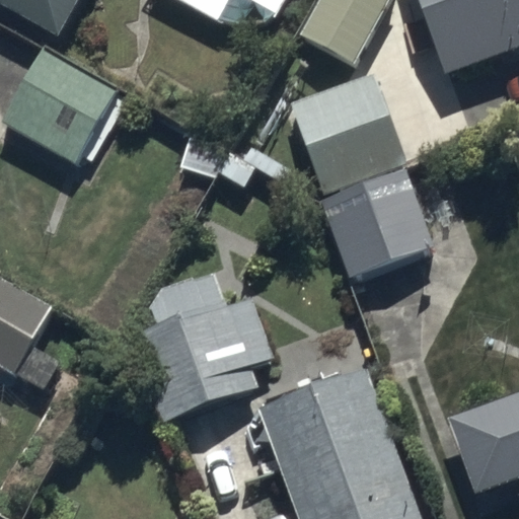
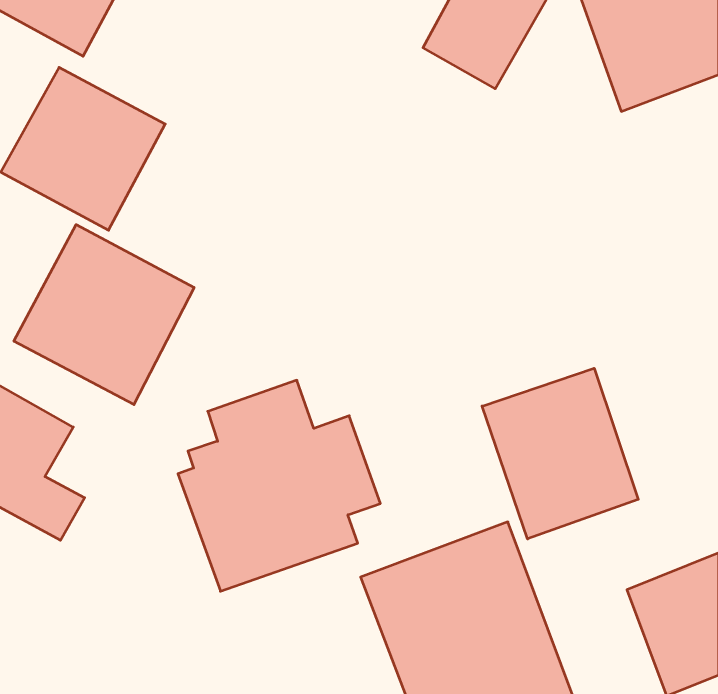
building: [291,80,432,280] -> none
building: none -> [14,225,194,405]
building: none -> [482,368,638,539]

